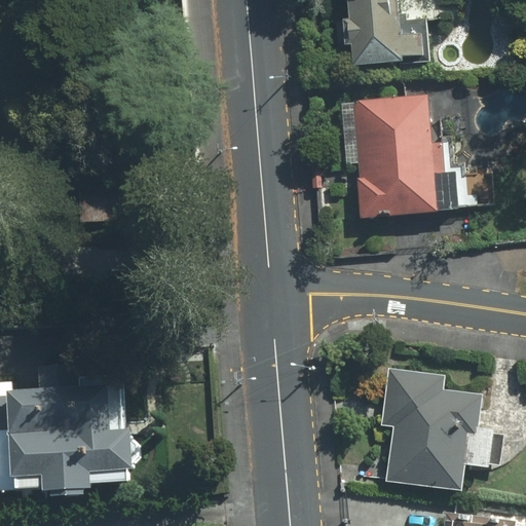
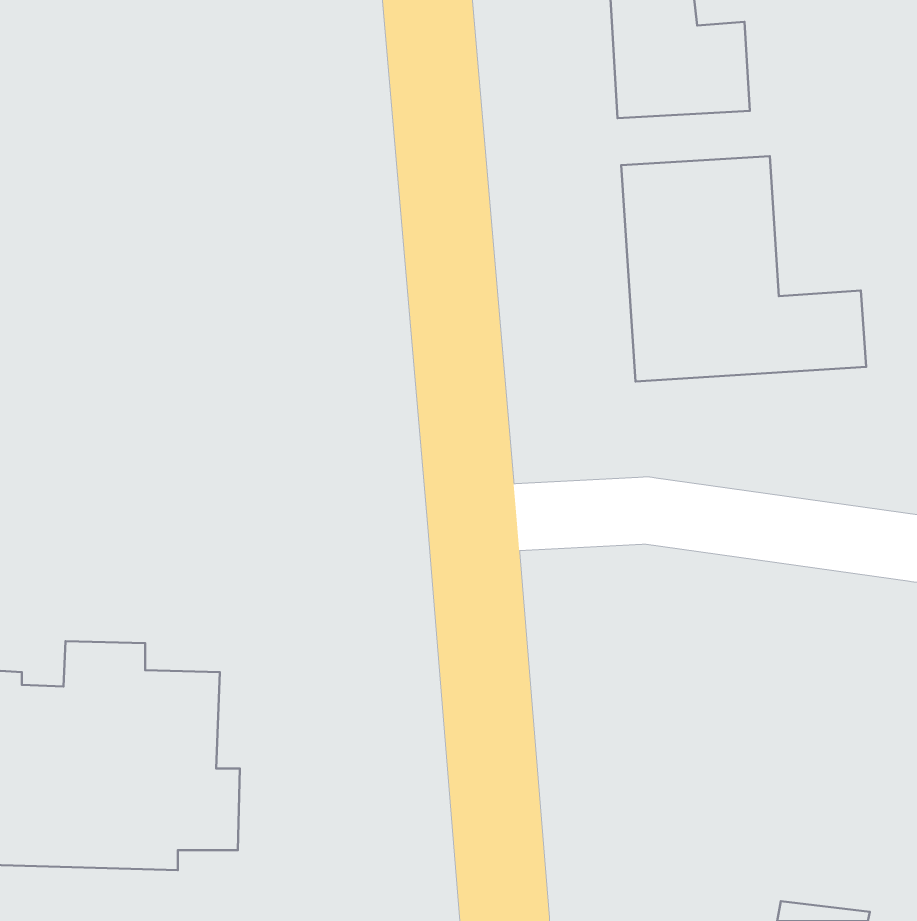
building: [376,366,495,492] -> none

